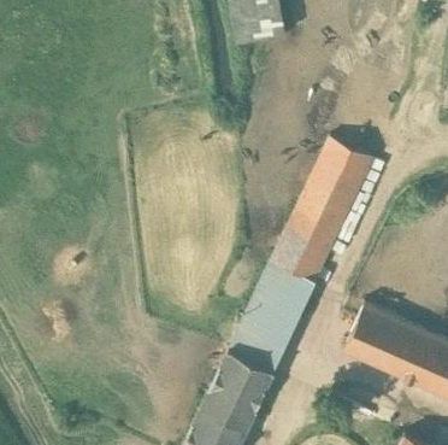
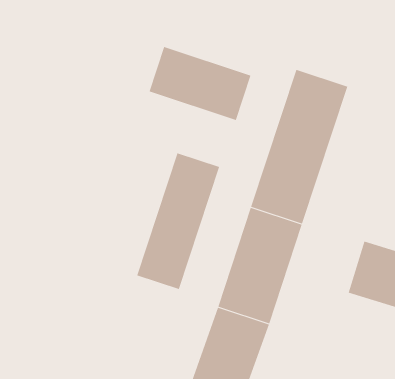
building: none -> [149,46,251,121]
building: none -> [137,152,220,290]

